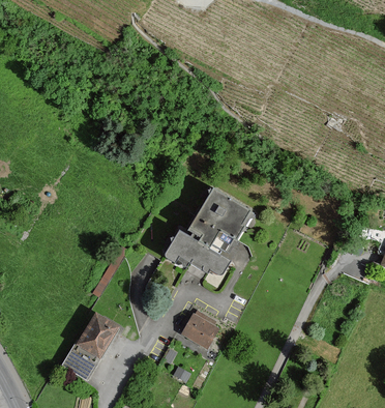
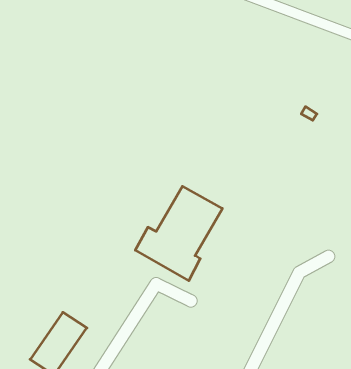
building: [181,312,219,348] -> none

